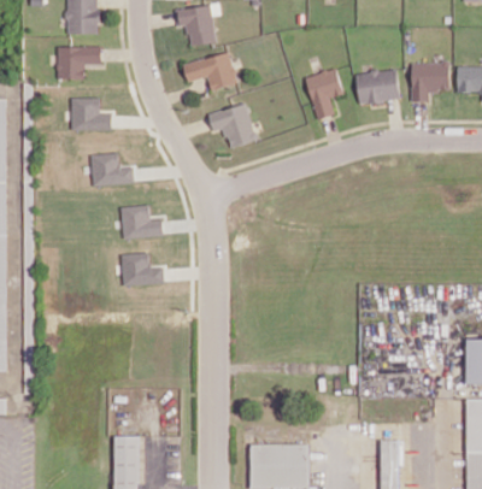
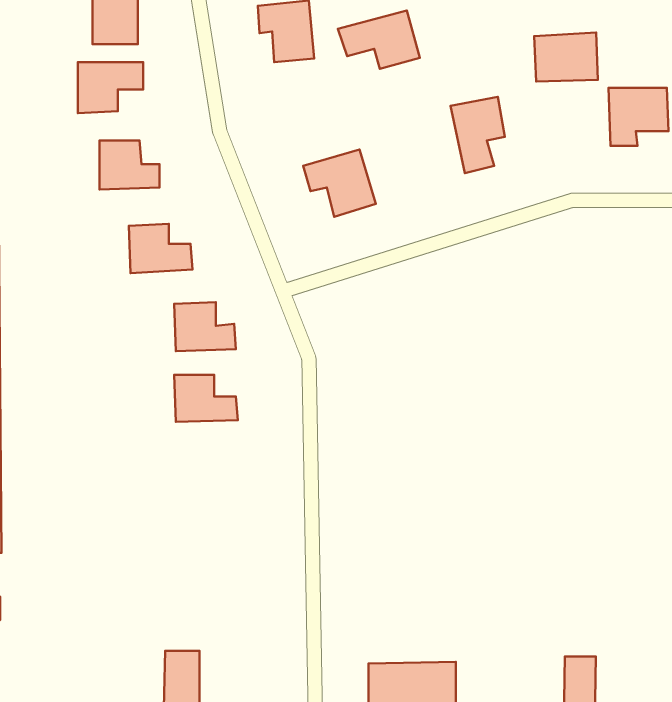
building: [182,52,236,90] -> [338,11,420,69]
building: [355,70,398,102] -> [534,32,598,82]

